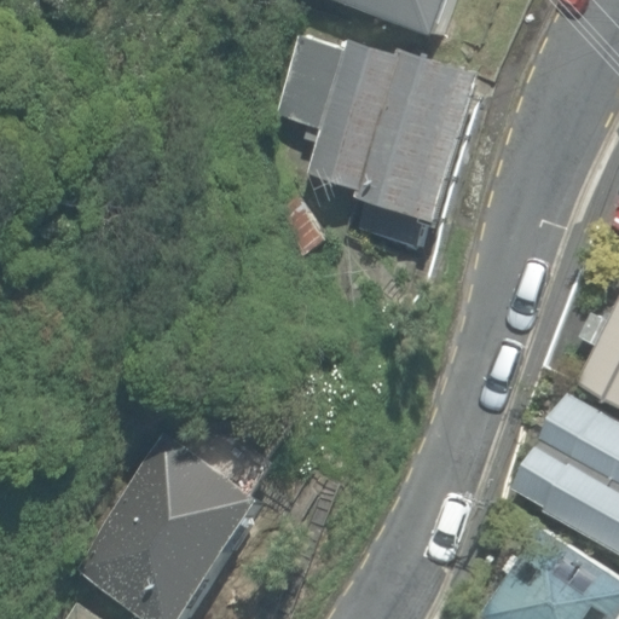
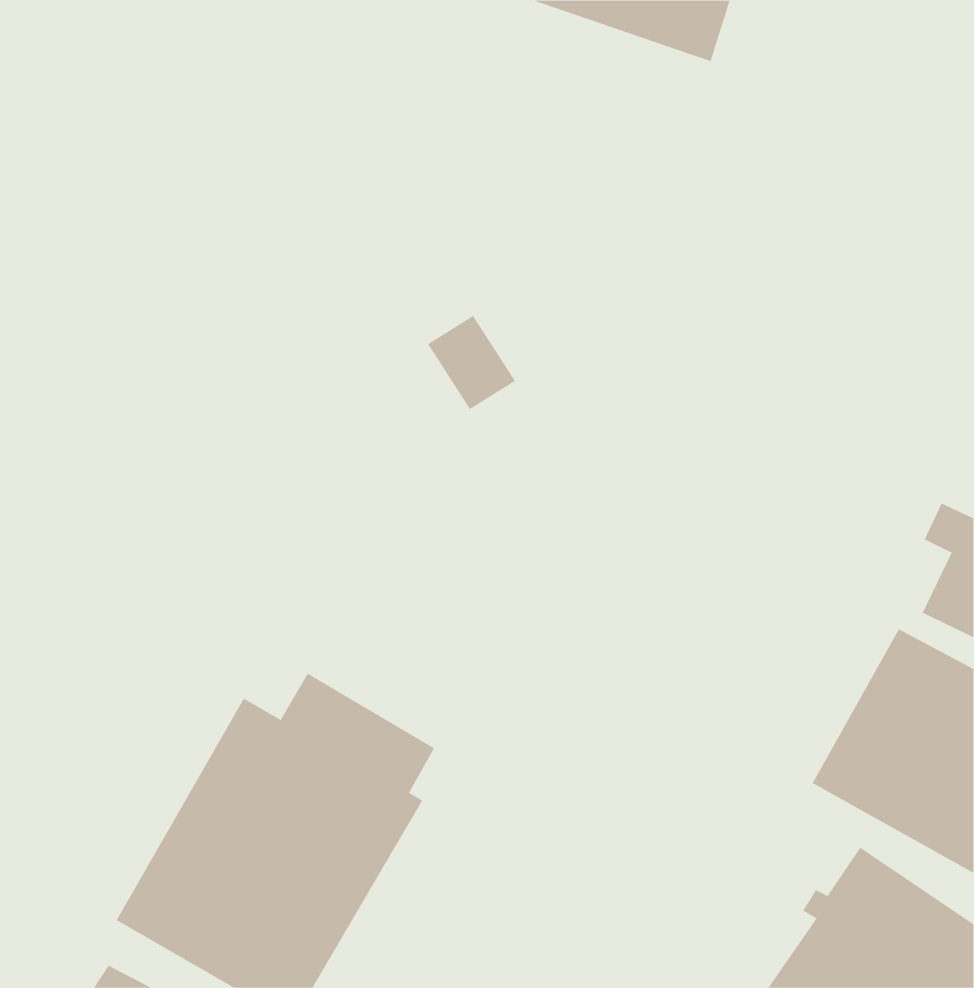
building: [274,37,493,228] -> none

